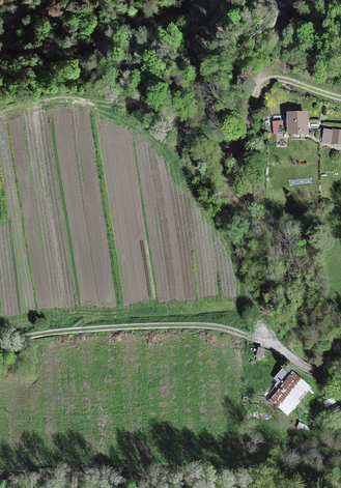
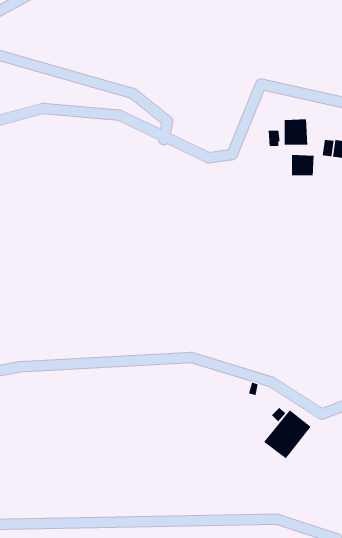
building: none -> [292,154,314,176]

